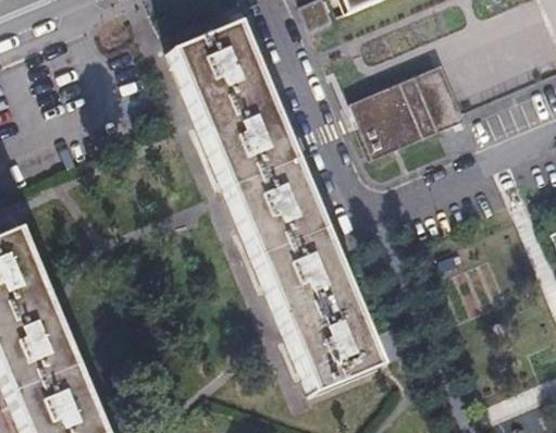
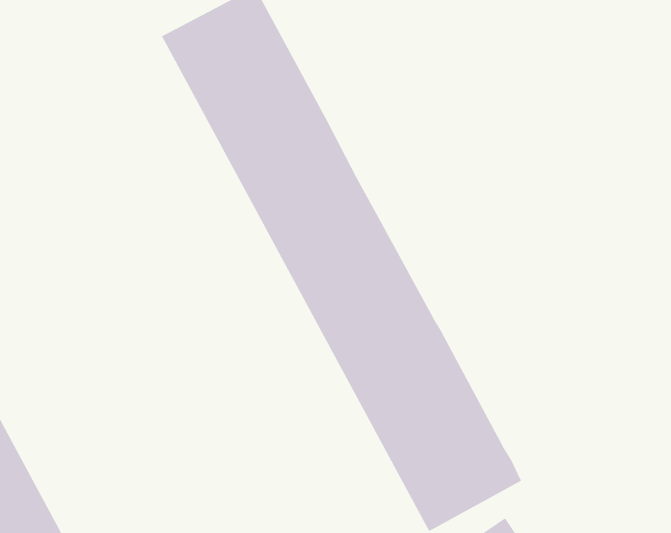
building: [356,63,470,153] -> none

